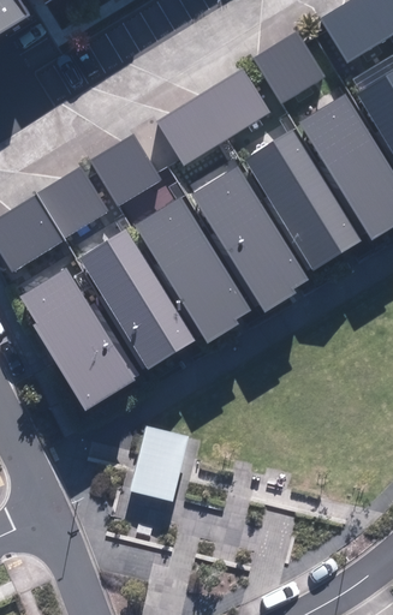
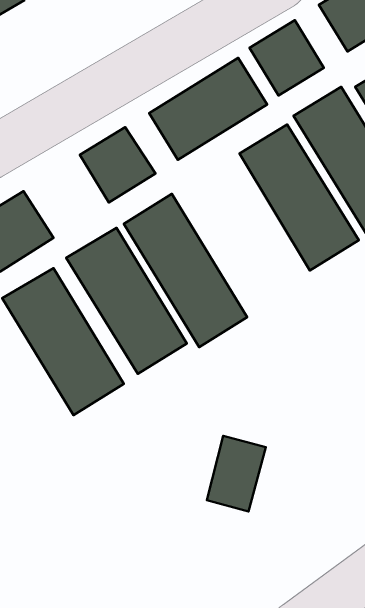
building: [40,163,112,235] -> none
building: [190,168,308,314] -> none
building: [135,426,191,498] -> [207,436,266,512]

